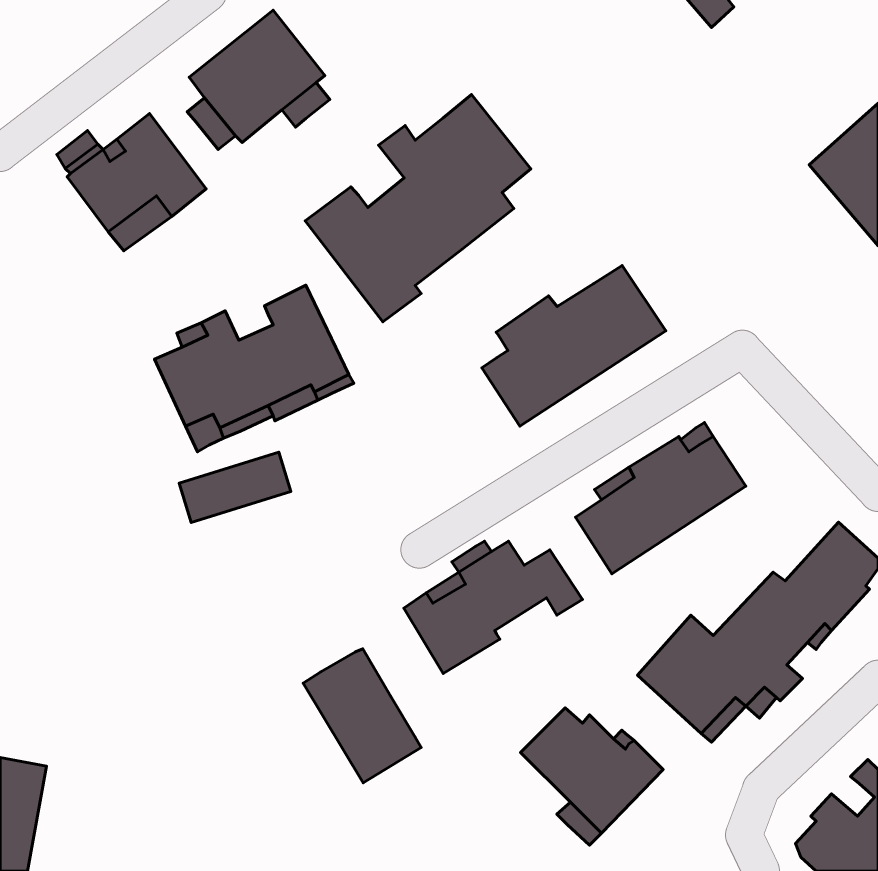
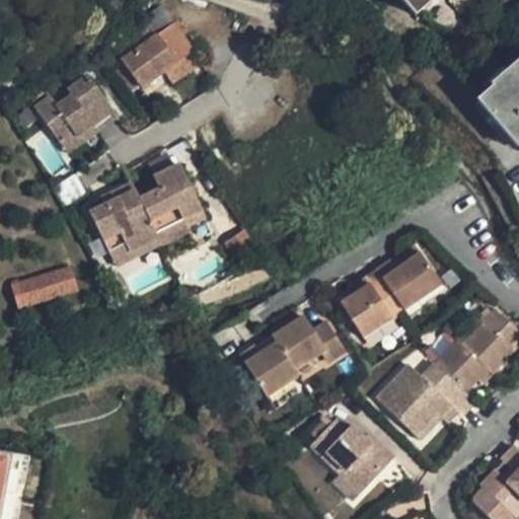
building: [305,94,531,322] -> none
building: [482,265,666,426] -> none
building: [179,452,291,523] -> [11,265,77,306]
building: [303,649,421,783] -> none

